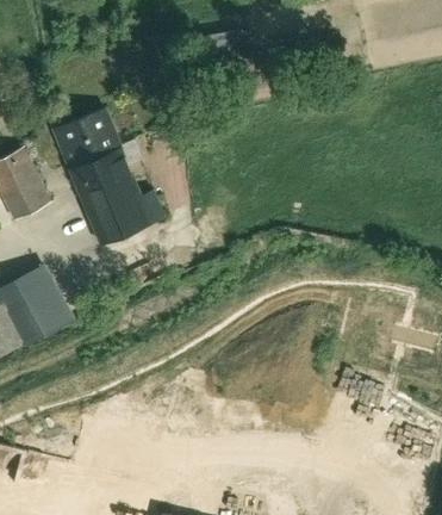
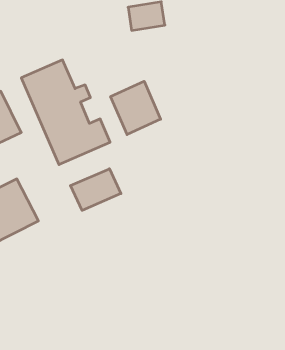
building: none -> [111,81,161,135]
building: none -> [70,169,121,210]

